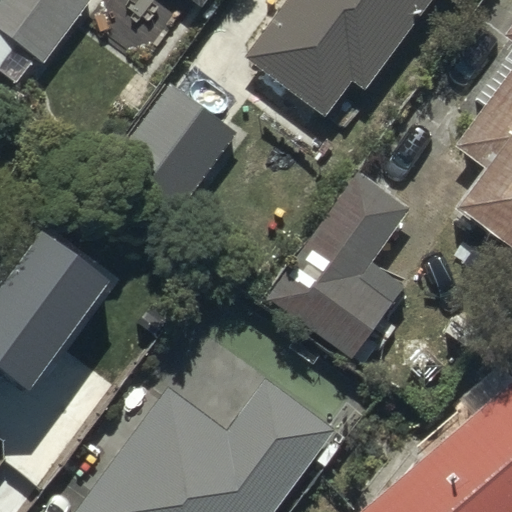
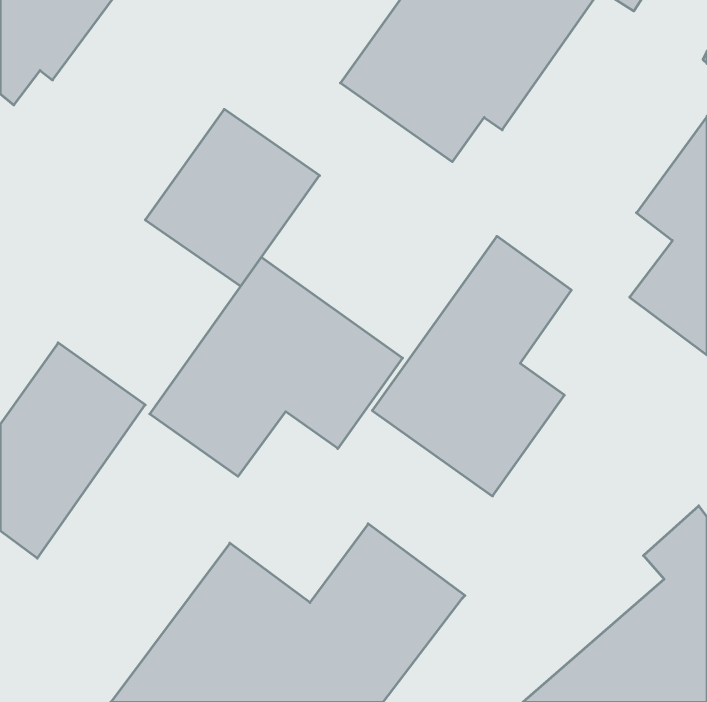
building: none -> [150,257,403,476]

